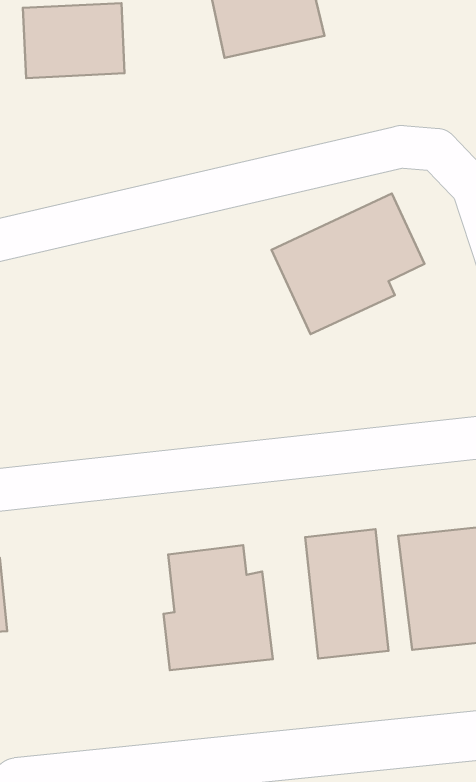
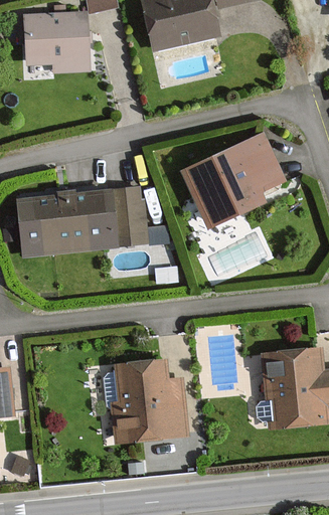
building: none -> [16,187,148,255]
building: [305,529,389,659] -> none

